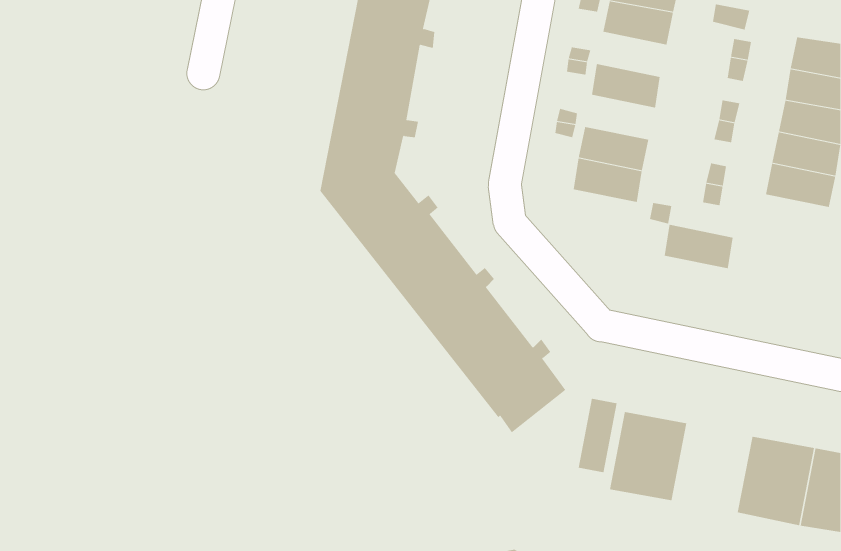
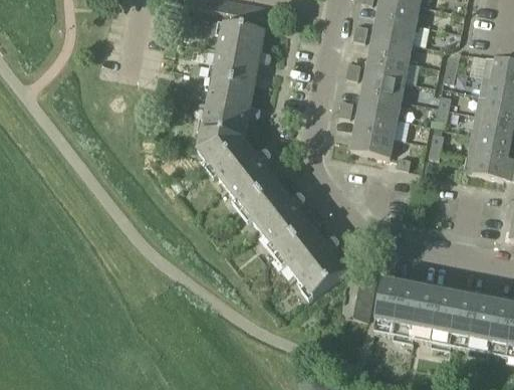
building: none -> [364,51,408,78]
building: none -> [357,89,401,117]
building: [664,224,734,269] -> [464,150,506,177]
building: none -> [411,288,459,343]

